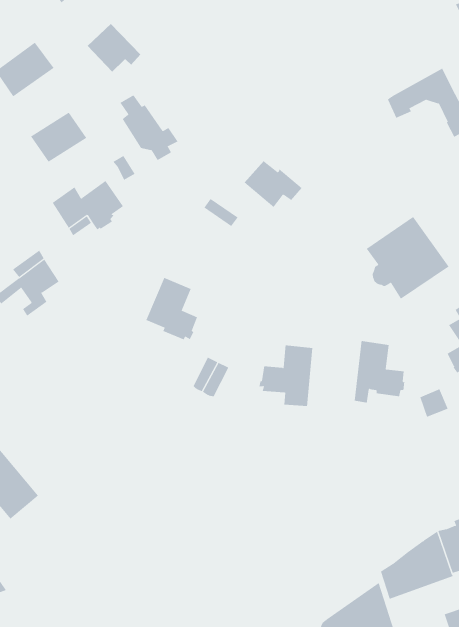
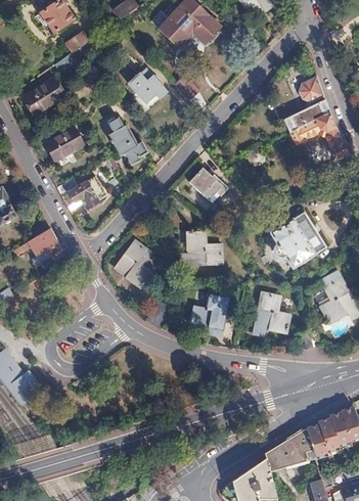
building: none -> [284,76,329,130]
building: [87,23,141,73] -> [129,67,166,101]
building: none -> [181,229,221,264]

